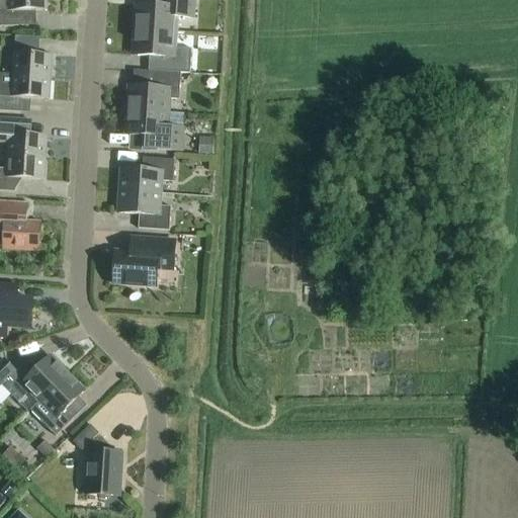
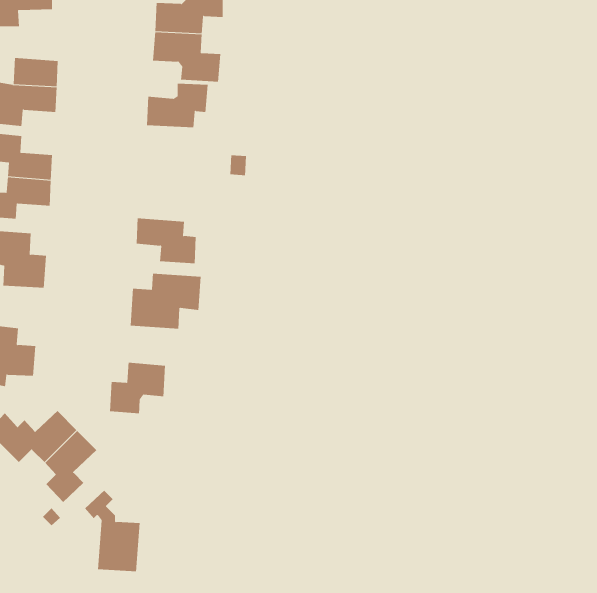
building: [124,108,184,149] -> none
building: [118,155,173,191] -> none
building: none -> [109,362,166,414]

